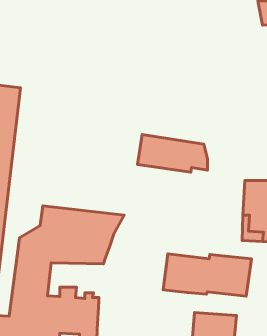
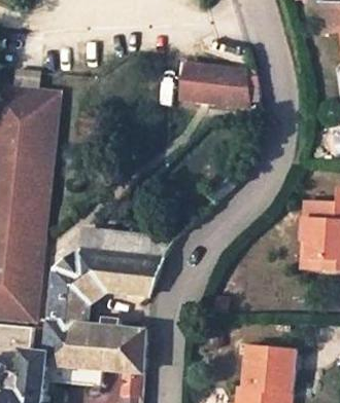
building: [137,135,208,172] -> [182,63,260,104]
building: [163,254,251,296] -> none

